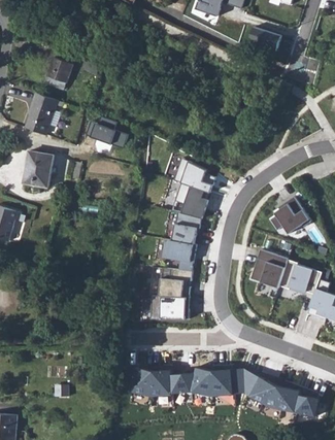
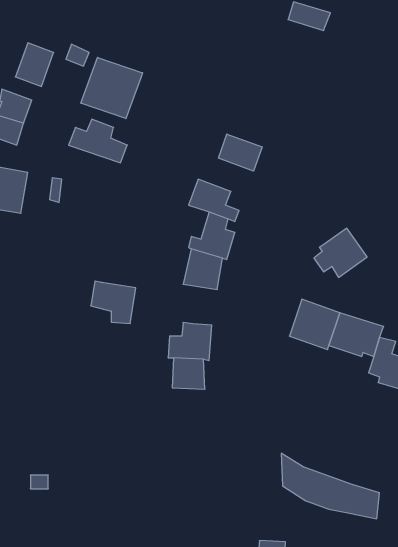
building: none -> [81,57,143,119]
building: none -> [218,134,262,171]
building: [162,239,196,271] -> [91,281,136,323]
building: [127,365,245,398] -> none

